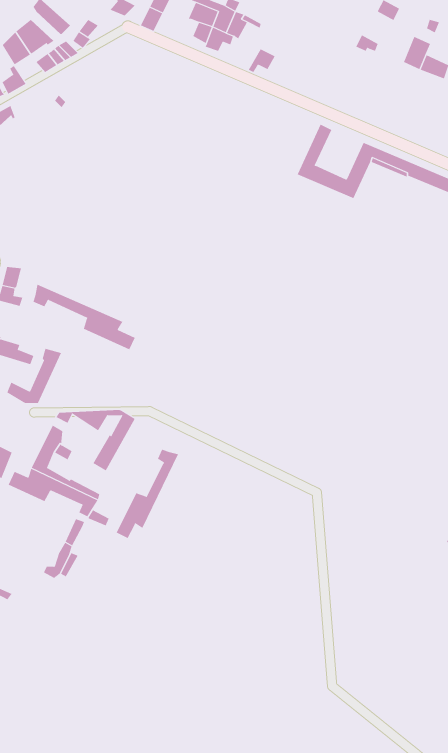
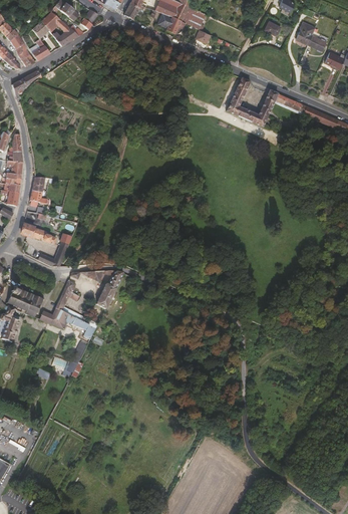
building: [33,284,136,350] -> none
building: [116,449,179,539] -> none

